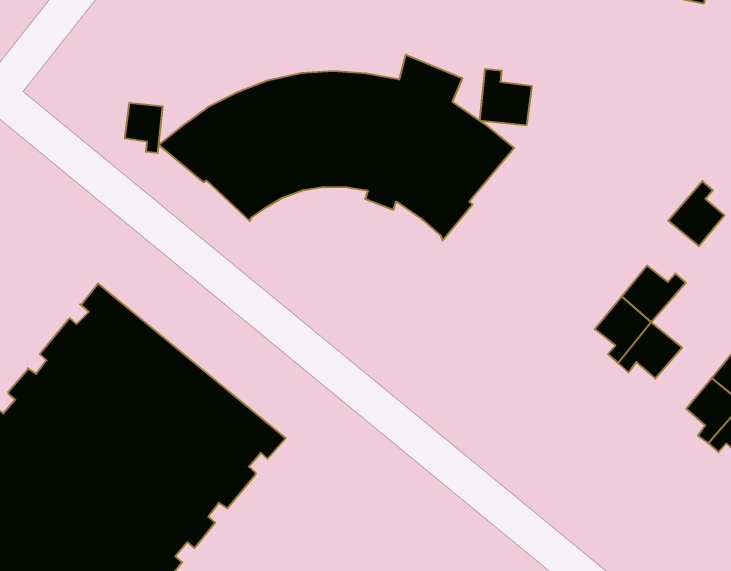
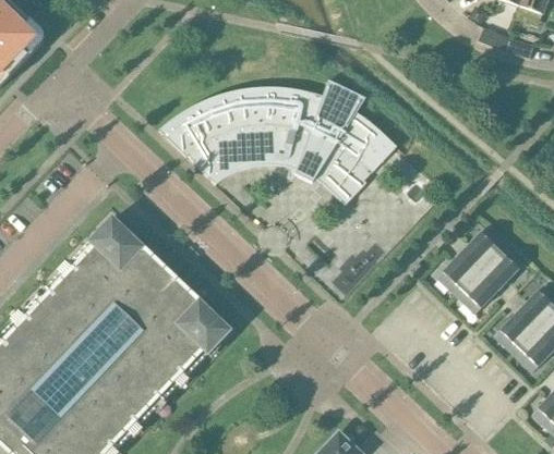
building: [480,69,532,125] -> none
building: [125,103,162,153] -> none
building: [668,181,724,246] -> [480,244,518,287]

